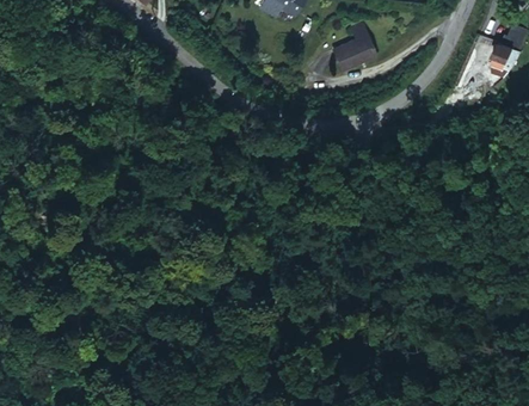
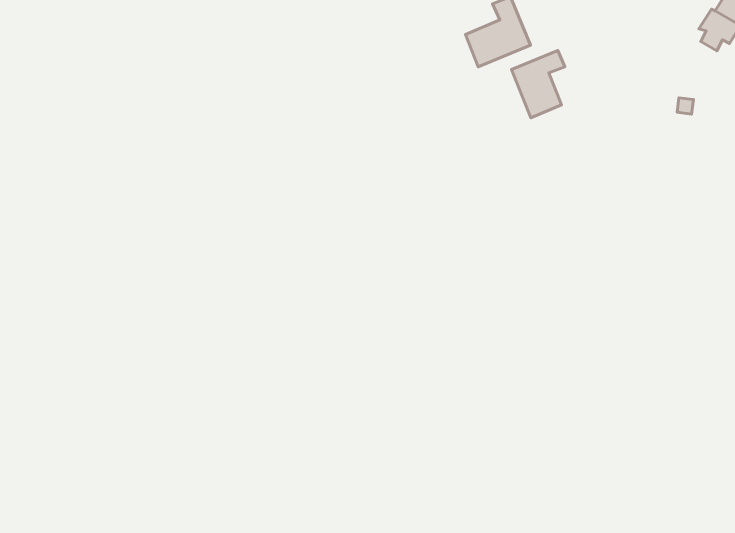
building: none -> [511,50,565,118]

